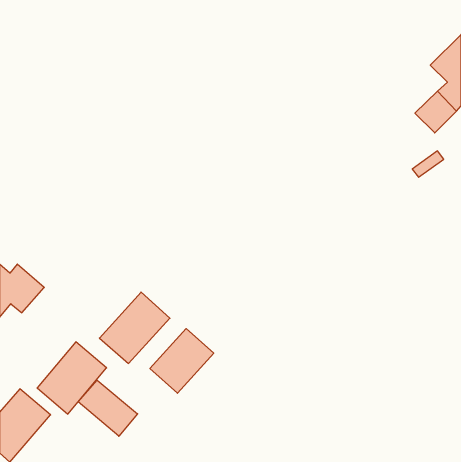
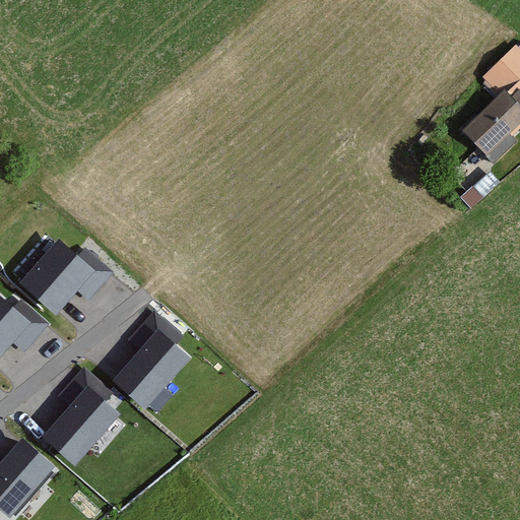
building: none -> [20,240,115,313]
building: [150,329,214,393] -> none
building: [78,380,138,436] -> none

